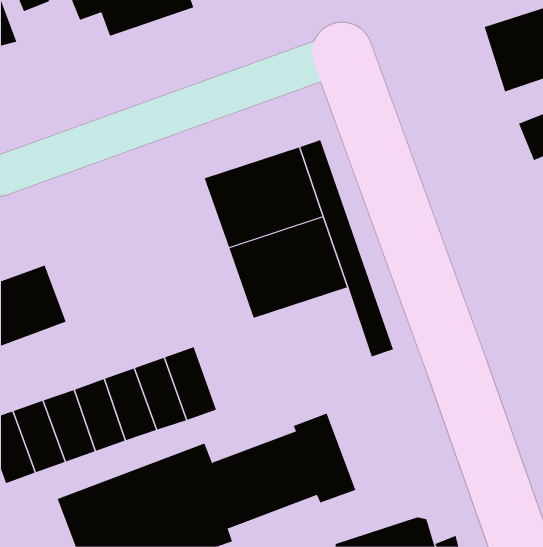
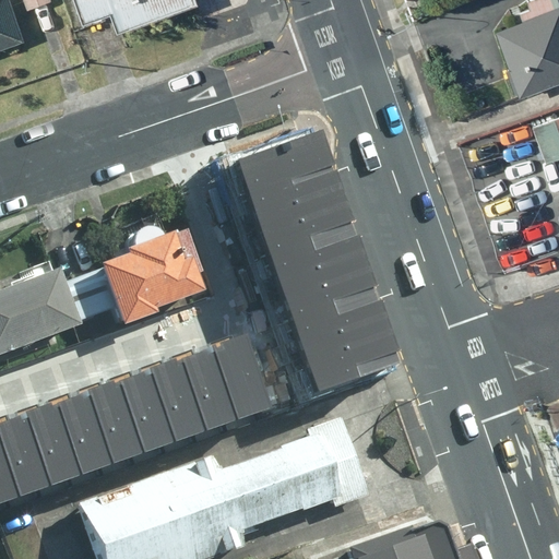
building: none -> [88,237,197,330]
building: none -> [263,293,383,395]
building: none -> [203,343,257,417]

